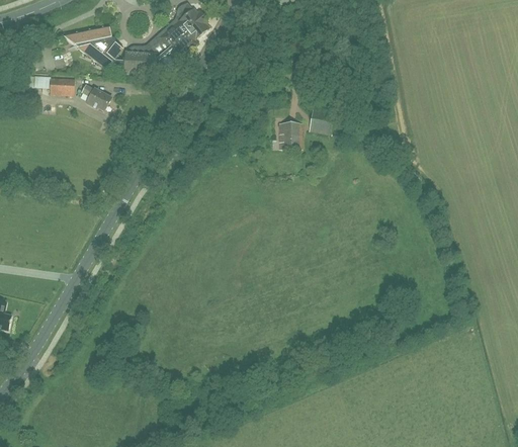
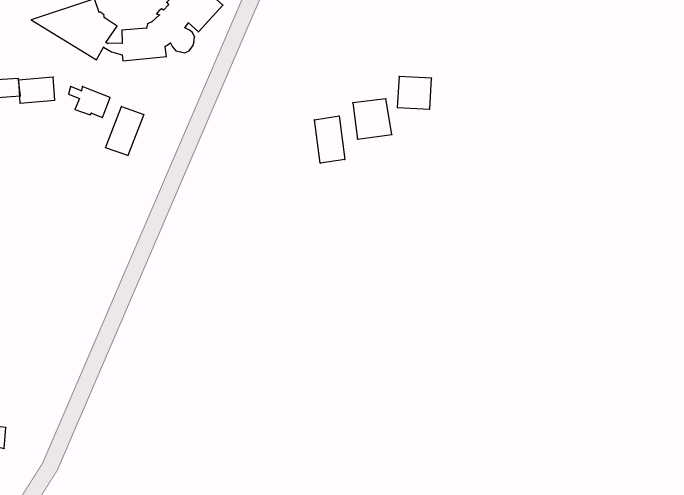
building: none -> [106,106,144,156]
building: none -> [315,116,345,163]

